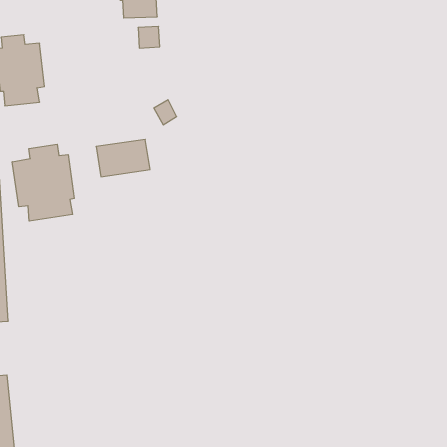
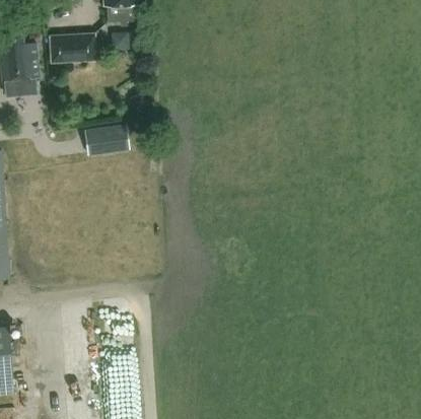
building: none -> [48,33,97,65]
building: [12,144,74,221] -> none

